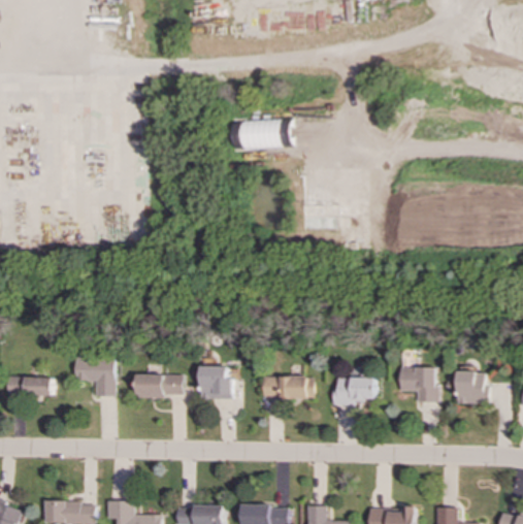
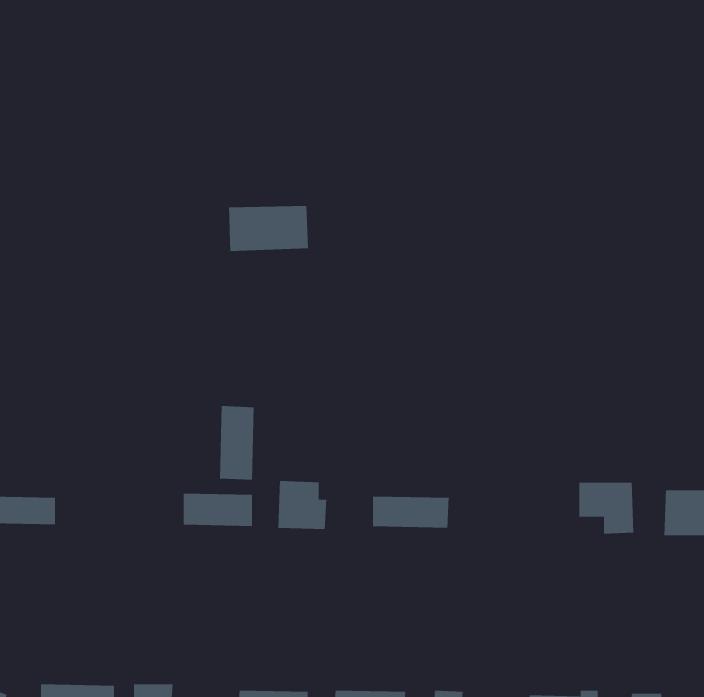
building: [236,119,290,150] -> [228,205,309,252]
building: none -> [219,405,255,481]
building: [75,358,116,397] -> none
building: [333,378,375,405] -> none

